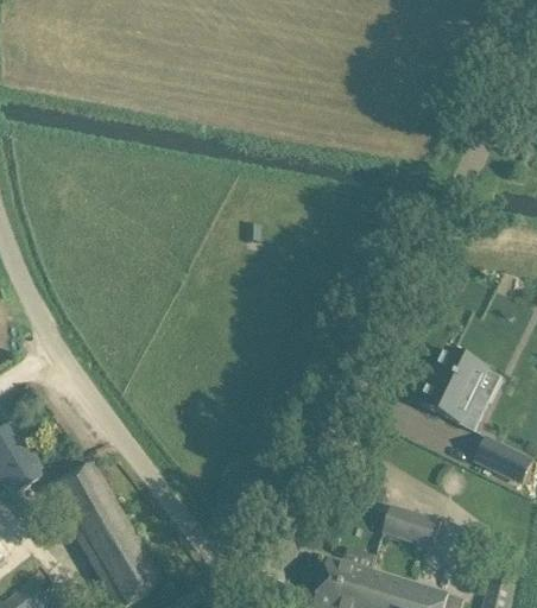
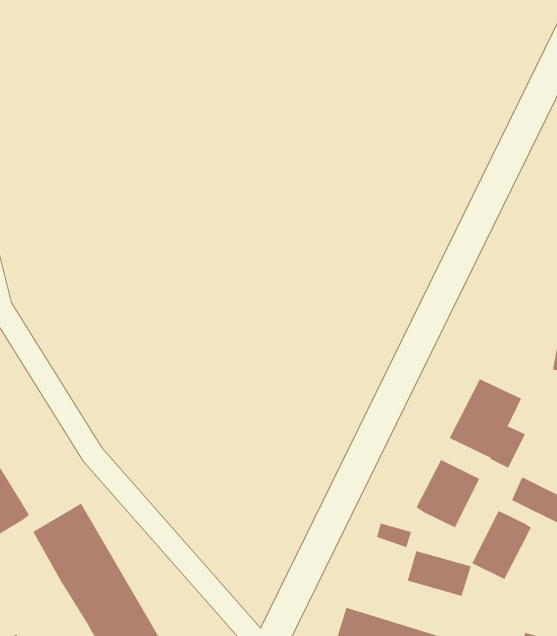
building: none -> [416,459,480,528]
building: none -> [472,510,531,580]

